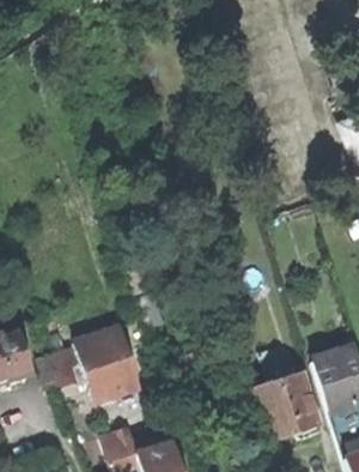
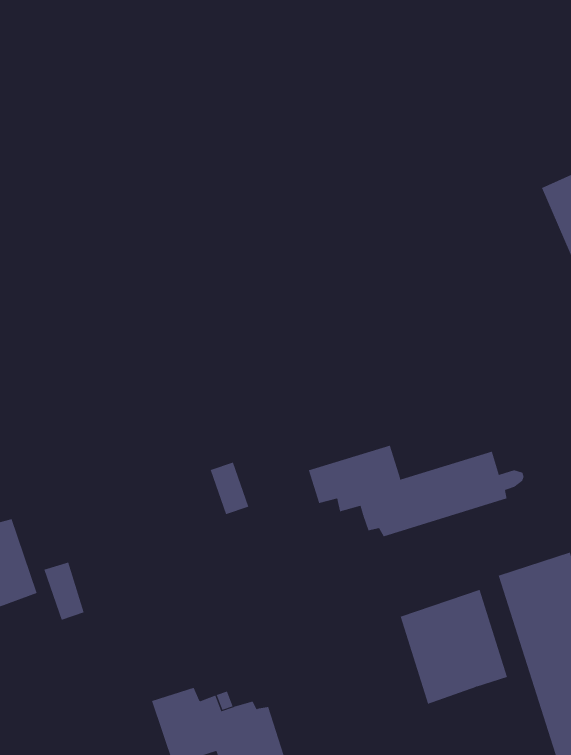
building: none -> [308,445,524,537]
building: [74,326,140,400] -> none

